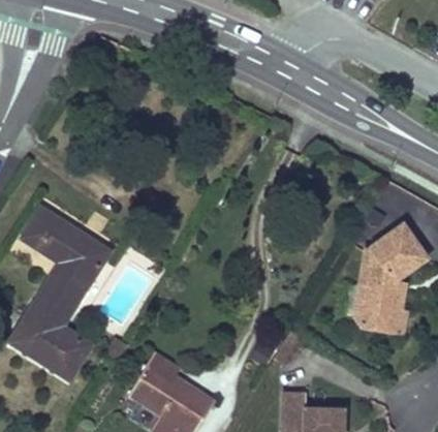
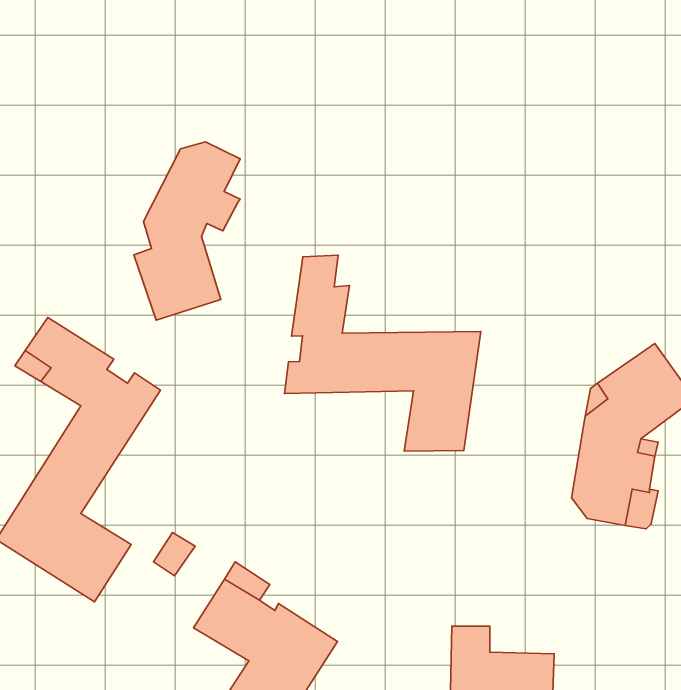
building: none -> [134,142,240,320]
building: none -> [284,255,481,451]

